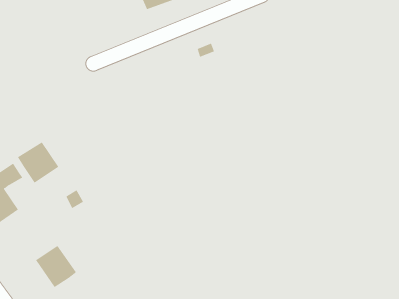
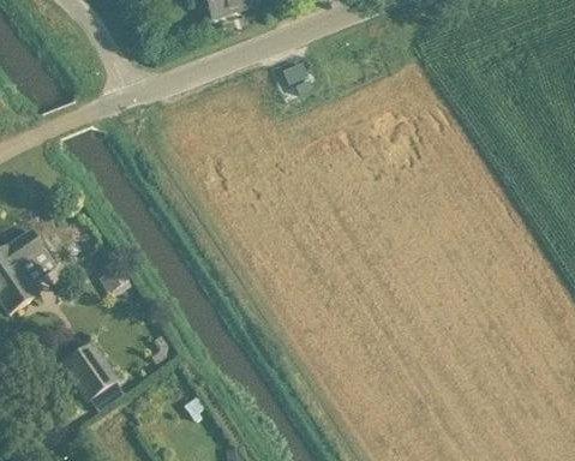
building: [17,141,59,183] -> none

